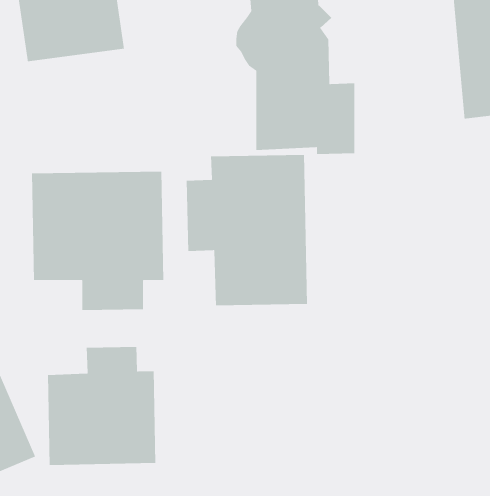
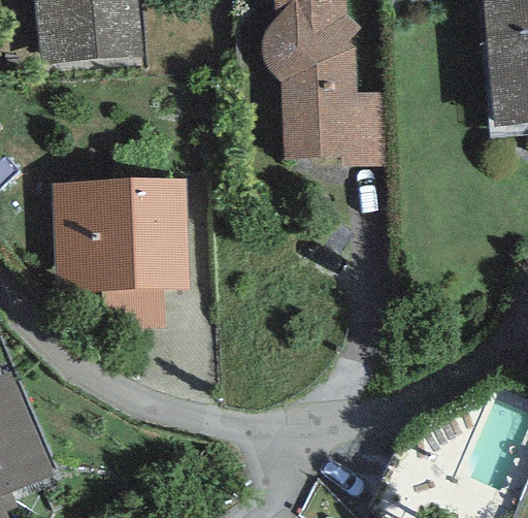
building: [186,154,308,306] -> none
building: [47,346,156,466] -> none

